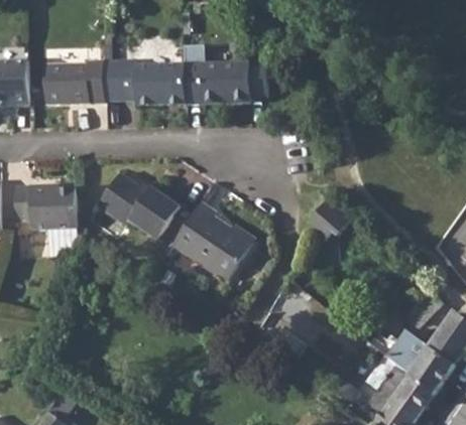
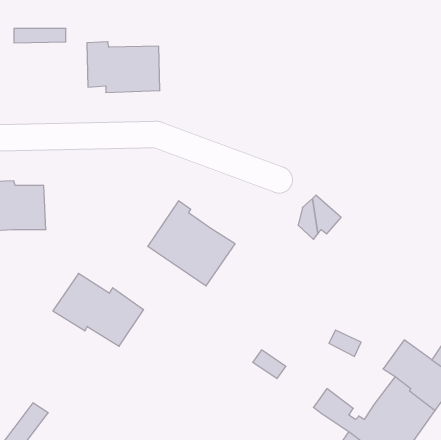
building: [182,43,264,103] -> none
building: [44,60,103,106] -> none
building: [97,171,180,238] -> [53,273,144,346]

